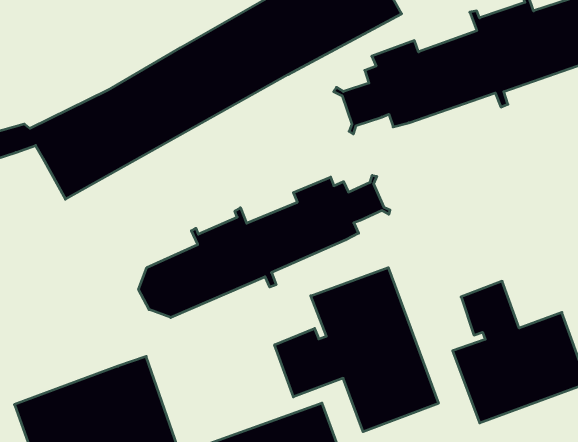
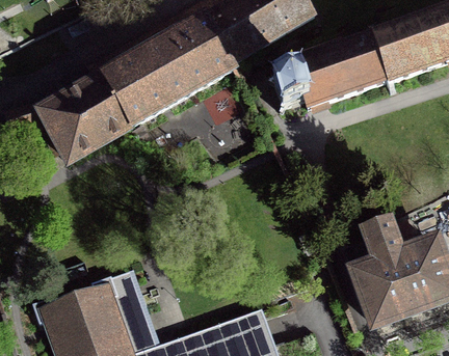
building: [139,175,390,318] -> none
building: [275,268,438,432] -> none

